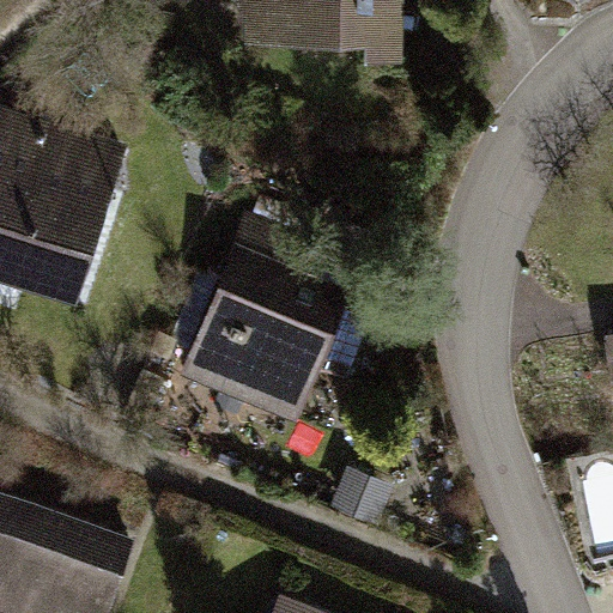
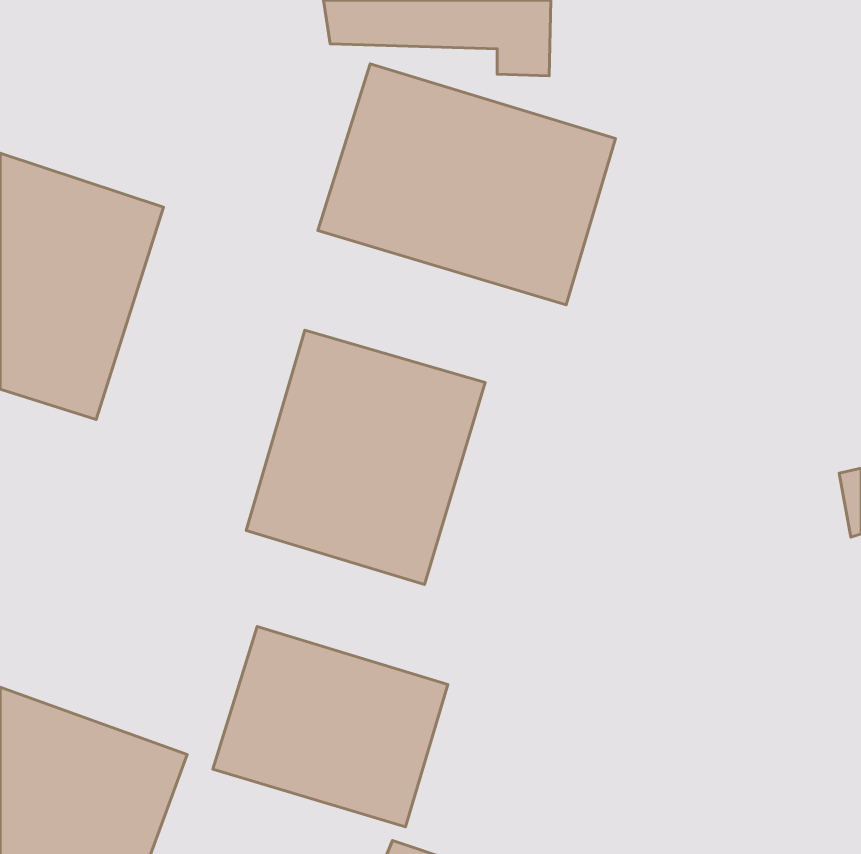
building: none -> [318,64,616,305]
building: none -> [213,626,448,827]

